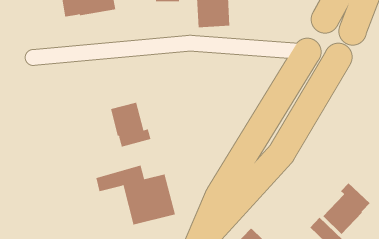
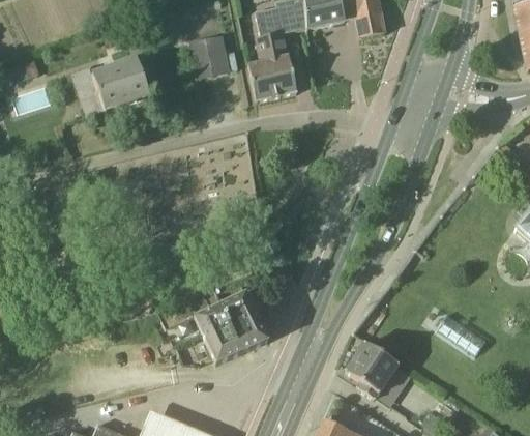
building: [110,102,151,148] -> none
building: [322,182,371,235] -> none

